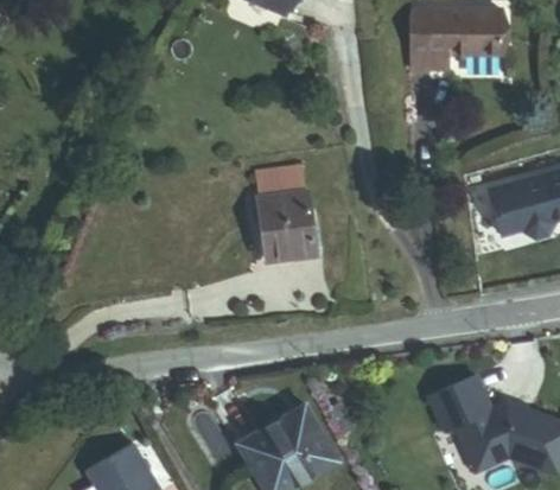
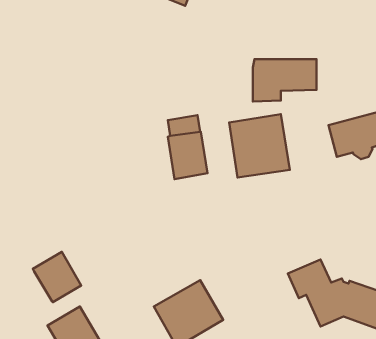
building: [409,11,501,71] -> [253,59,317,101]
building: none -> [229,114,290,177]
building: none -> [33,252,81,302]

